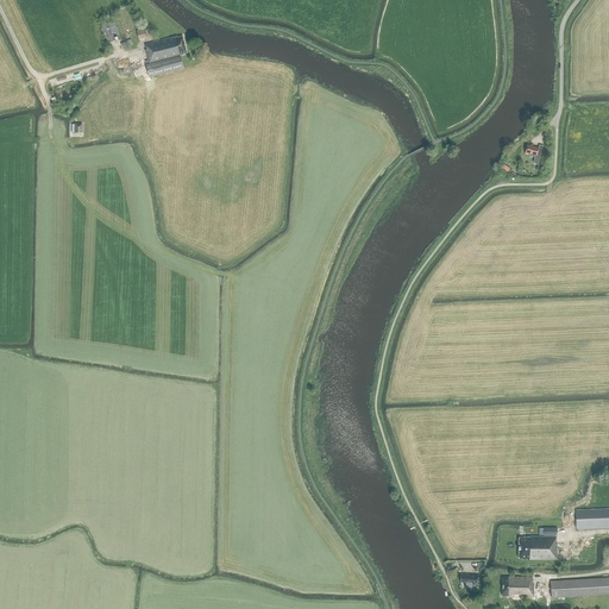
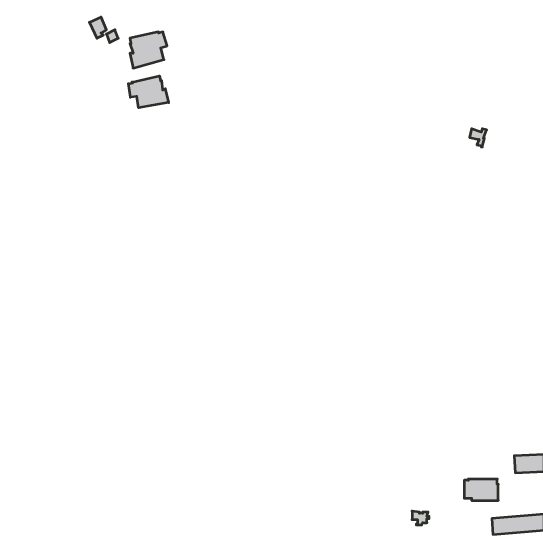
building: none -> [128,76,169,108]
building: [503,576,534,596] -> none

